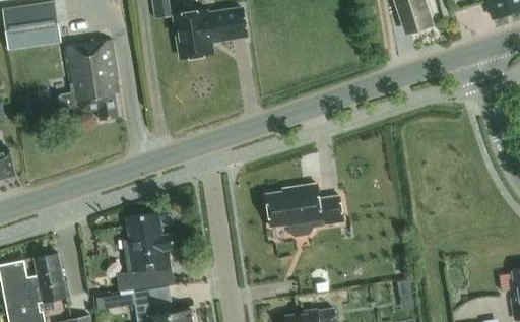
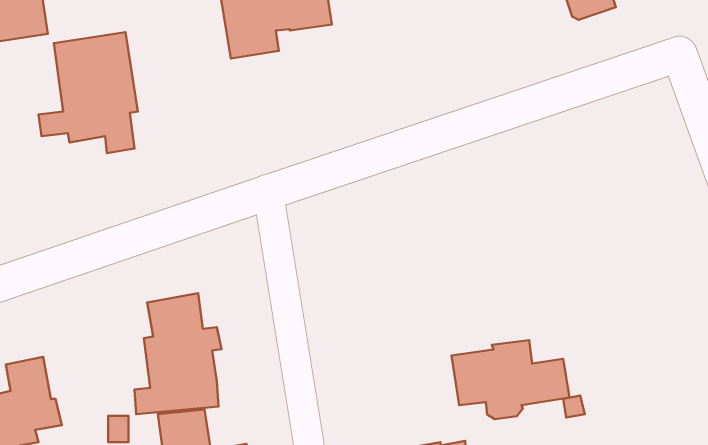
building: [266,184,343,236] -> [452,340,569,419]

